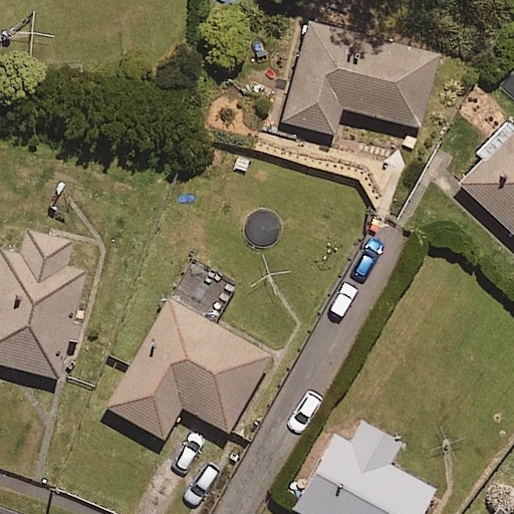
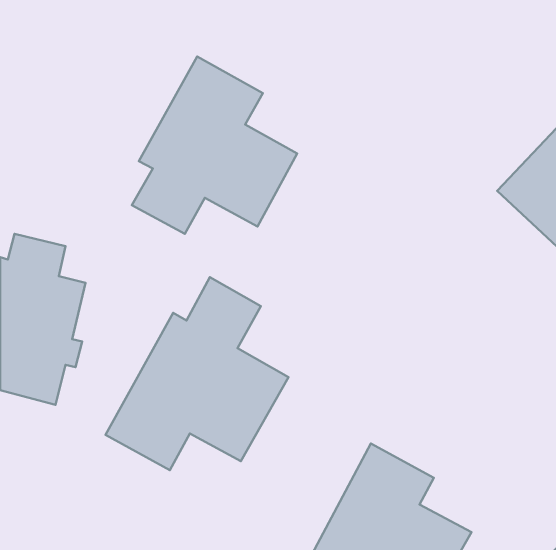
building: [284,19,436,139] -> none
building: none -> [132,57,297,234]

